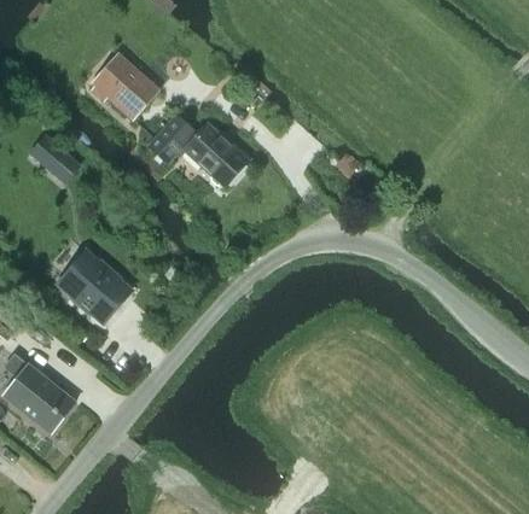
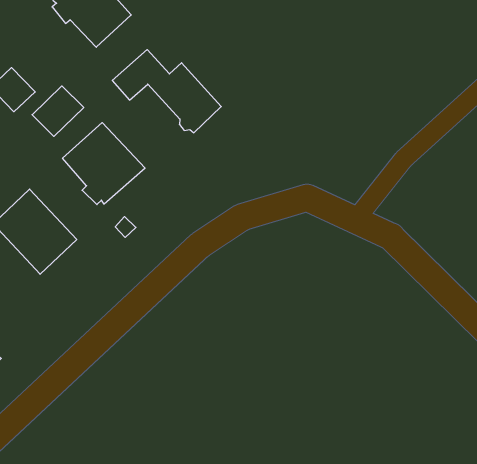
building: none -> [32,86,84,136]
building: none -> [63,123,145,205]

